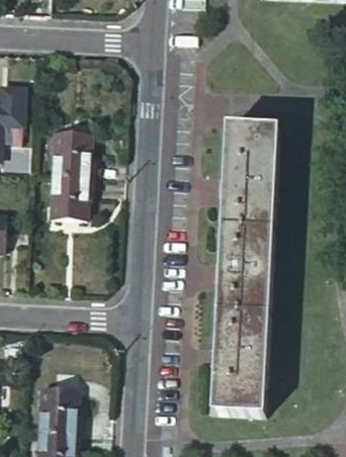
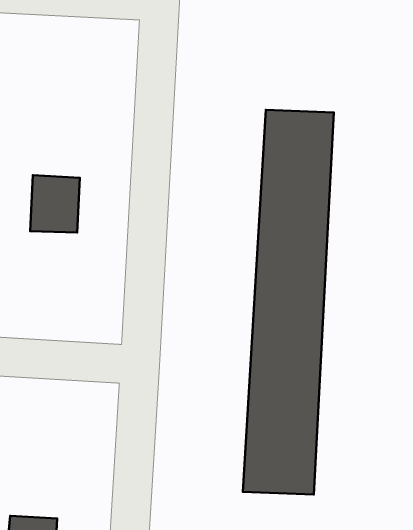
building: [53,129,90,175] -> none
building: [35,389,73,433] -> none

